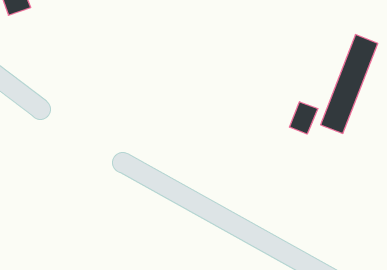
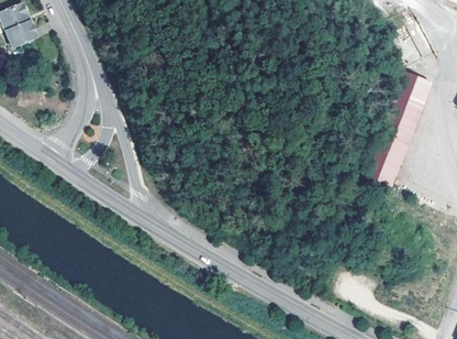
building: [290,102,318,134] -> none

